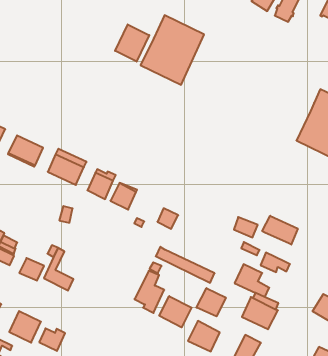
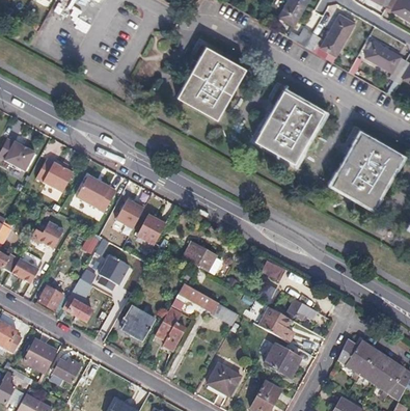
building: [115,24,149,62] -> none
building: none -> [254,89,322,162]
building: none -> [30,221,63,248]
building: [262,216,298,245] -> none
building: none -> [98,254,130,290]
building: none -> [121,305,155,339]
building: [196,288,226,316] -> none
building: [159,296,192,327] -> none

